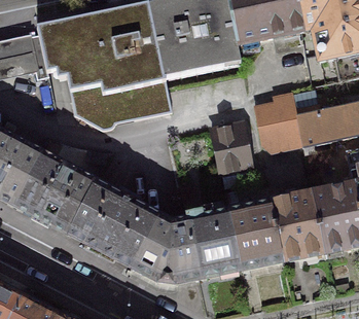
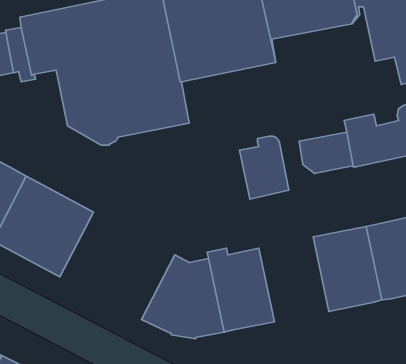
building: [255,92,297,125] -> none
building: [69,181,160,267] -> none
building: [227,201,283,269] -> none

